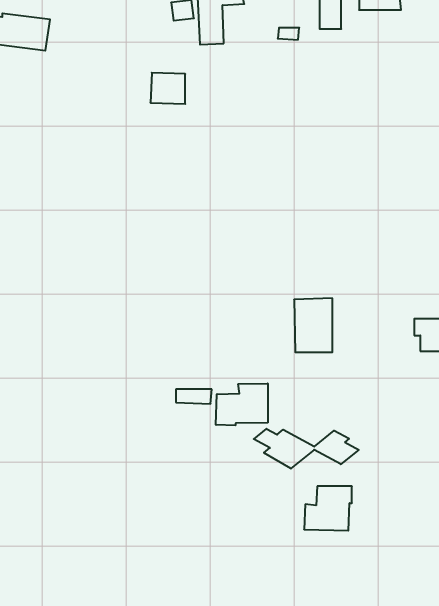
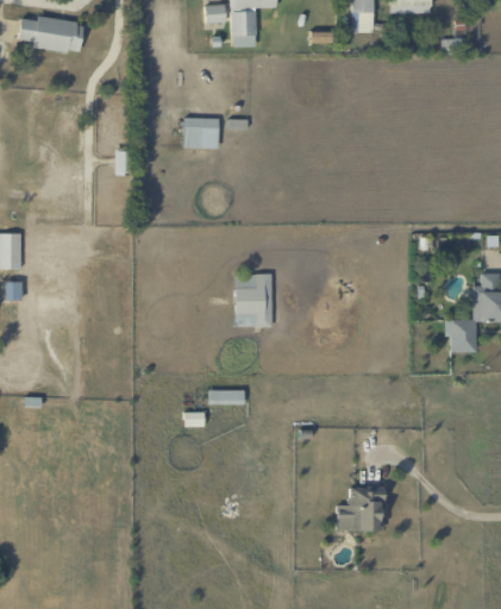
building: [150,73,185,104] -> [184,118,219,149]
building: [294,298,332,352] -> [234,274,273,327]
building: [216,383,268,425] -> none
building: [254,429,359,469] -> none

